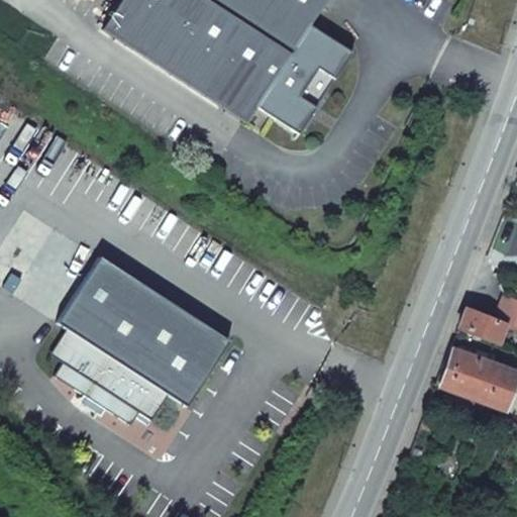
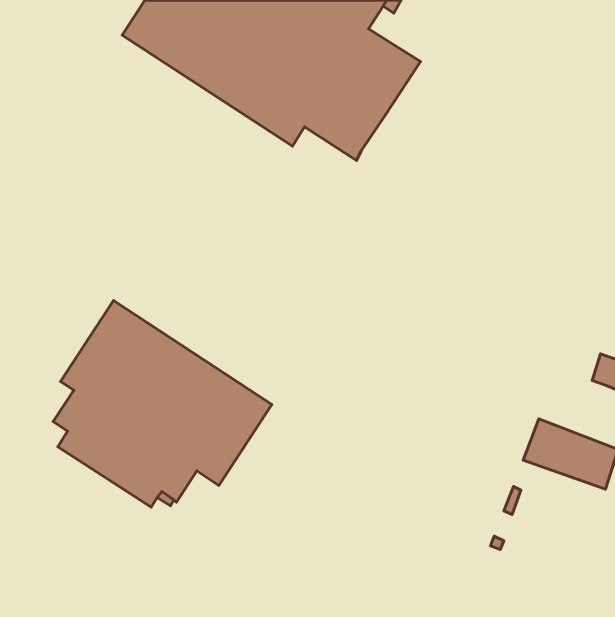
building: [460,307,508,344] -> none

